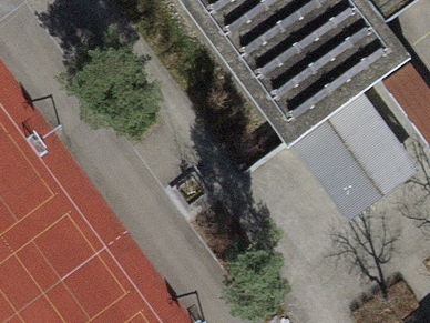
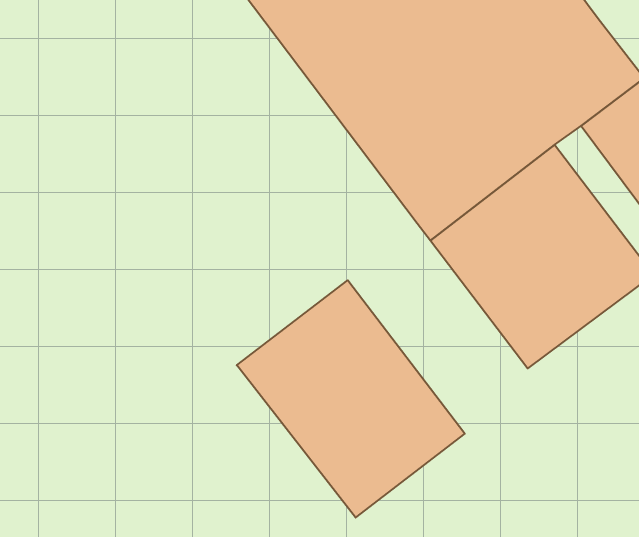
building: none -> [237,280,465,518]

